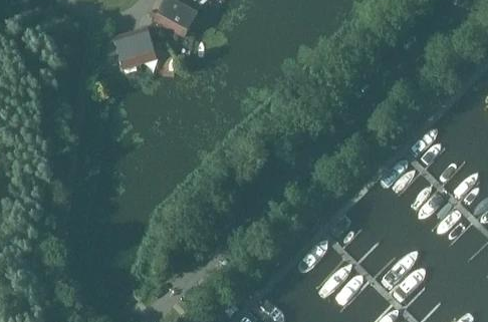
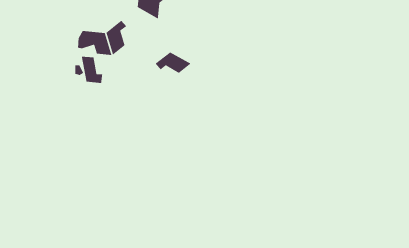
building: [147,10,190,36] -> [155,52,192,74]
building: none -> [81,56,103,84]

